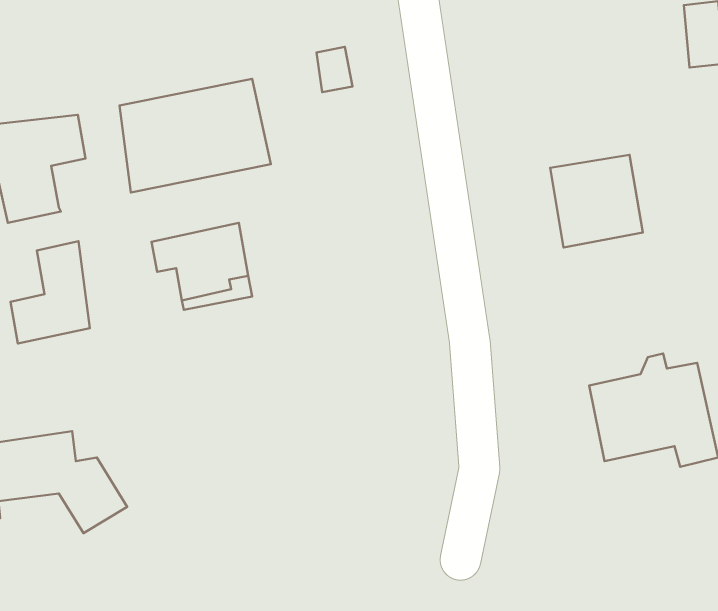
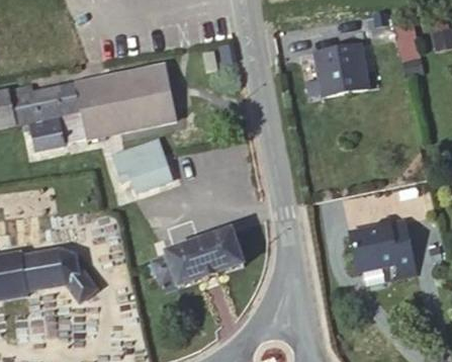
building: [550,155,643,248] -> [314,46,364,95]
building: [10,241,90,343] -> [60,79,102,133]
building: none -> [145,228,251,297]

